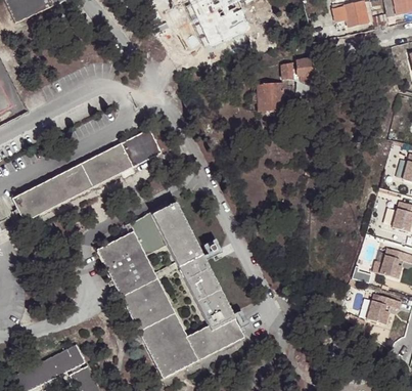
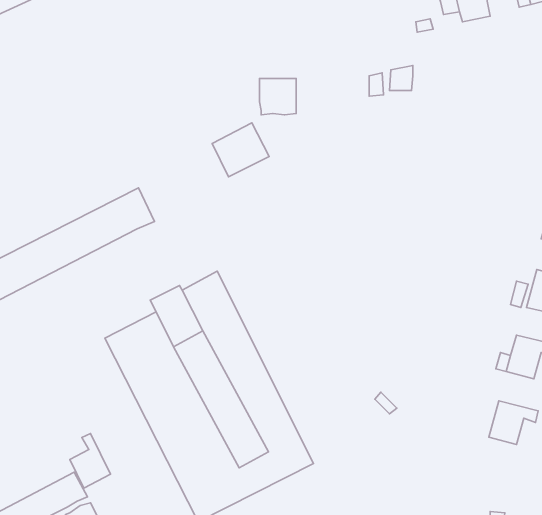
building: [257,84,282,110] -> [260,79,296,115]
building: [121,129,161,167] -> [212,123,269,177]
building: none -> [70,433,111,488]

